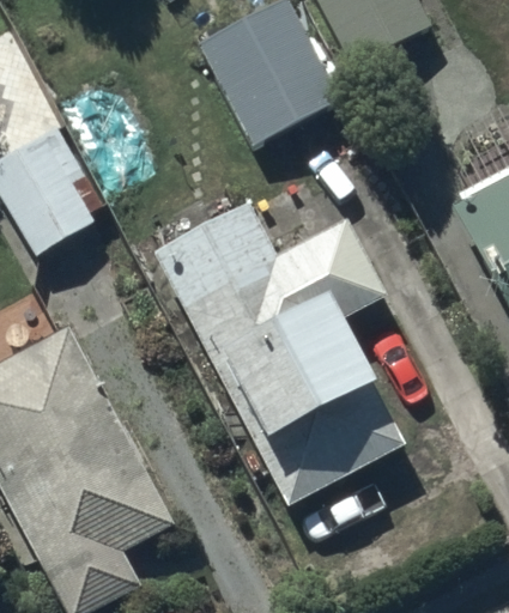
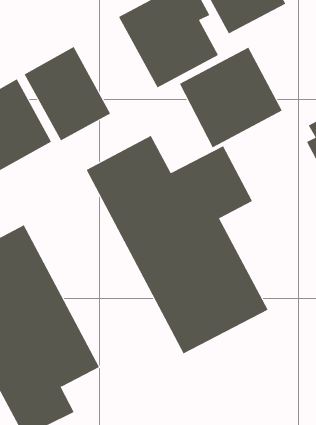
building: none -> [24,46,111,141]
building: none -> [179,47,282,148]

